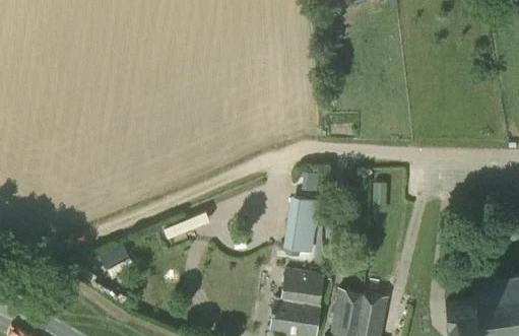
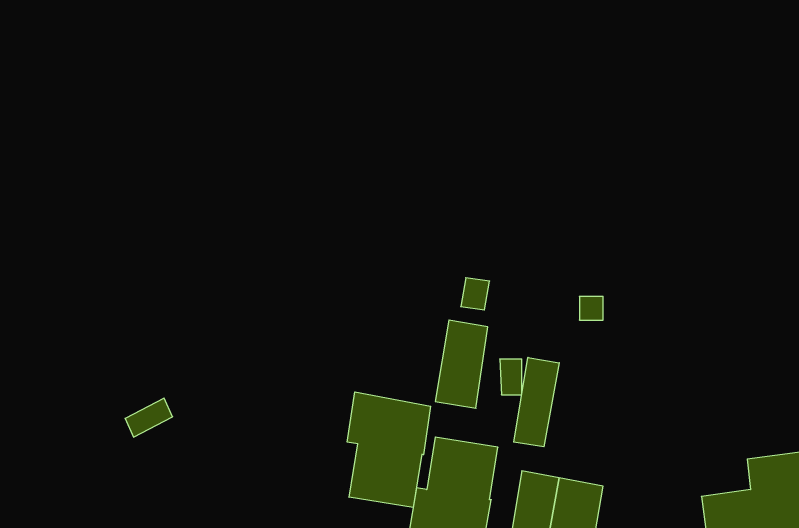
building: none -> [514,357,559,447]
building: none -> [347,392,431,508]

